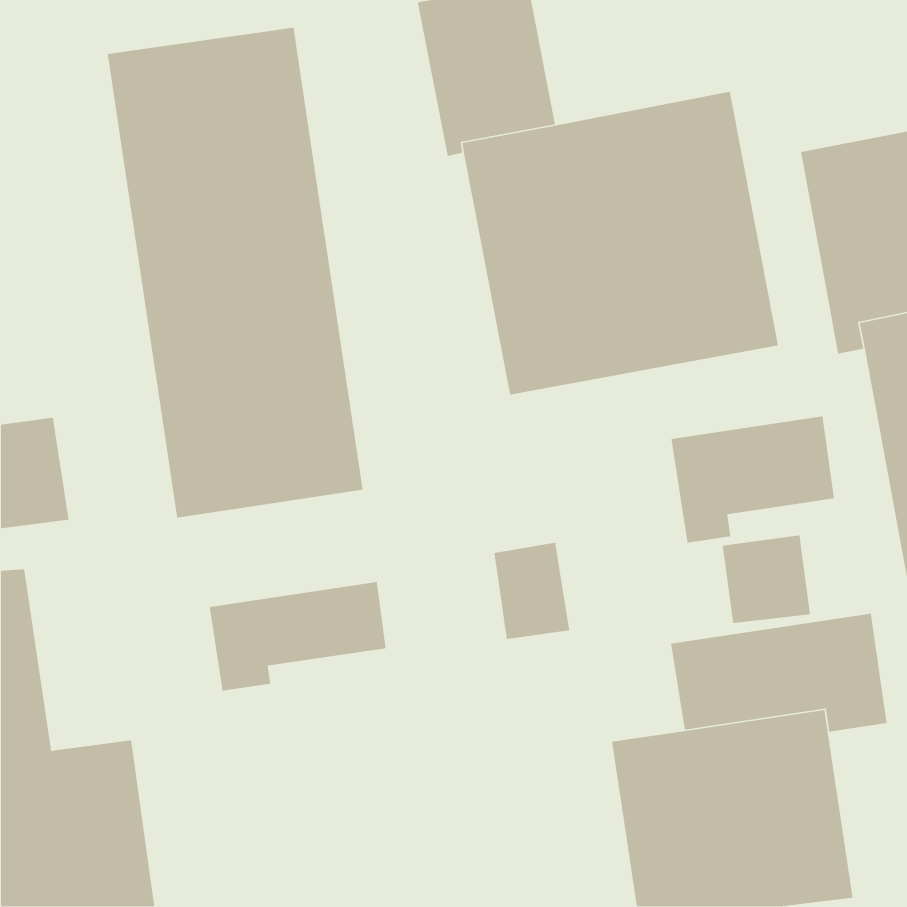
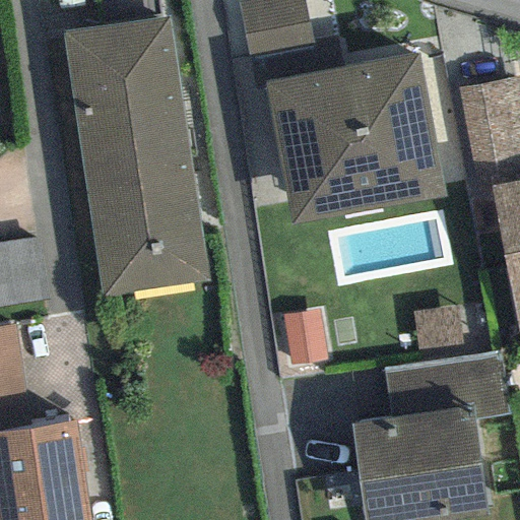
building: [671,416,835,543] -> none
building: [209,581,387,691] -> none

